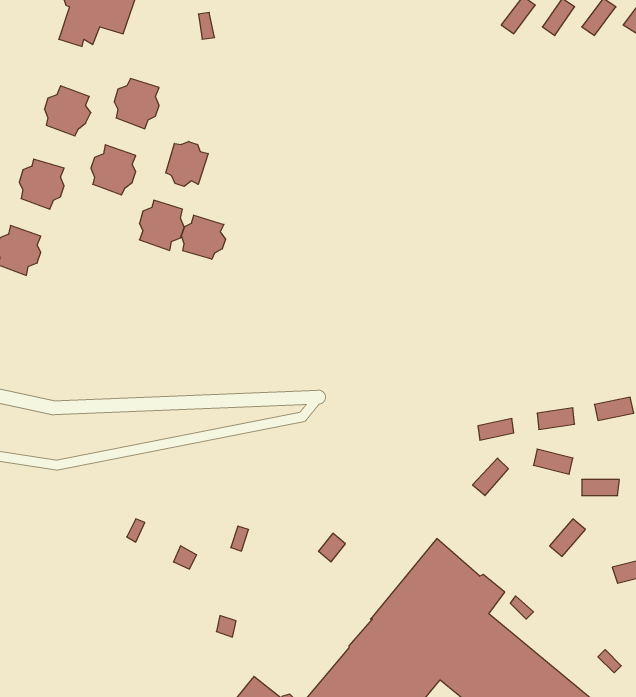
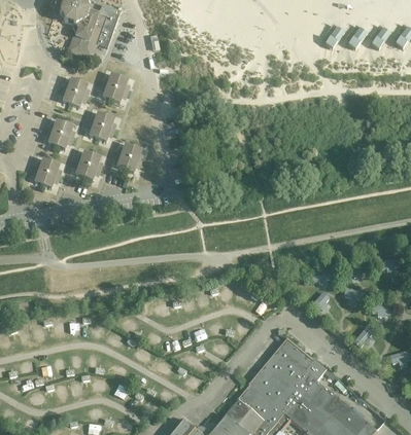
building: [166,141,208,186] -> none
building: none -> [75,150,101,179]
building: [182,215,225,259] -> none

